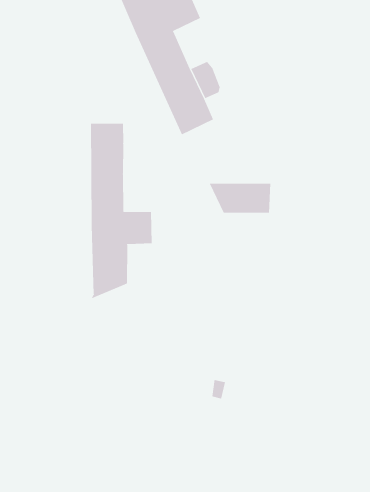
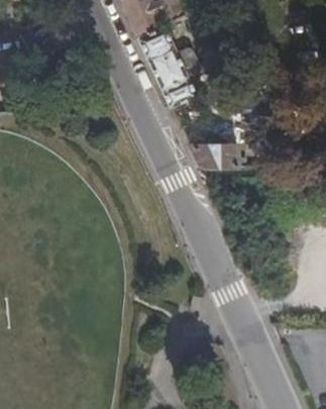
building: [90,123,152,300] -> none

